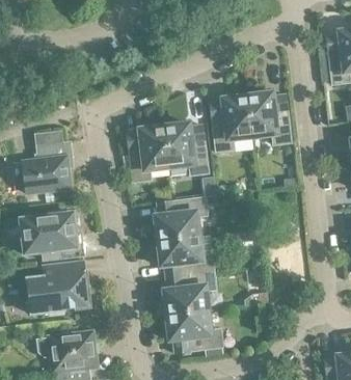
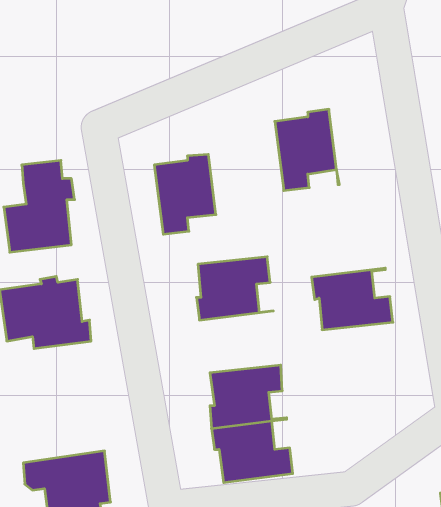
building: [247,93,291,144] -> none
building: [164,124,209,177] -> none
building: [158,234,214,276] -> [312,268,393,330]
building: [27,259,89,315] -> none

